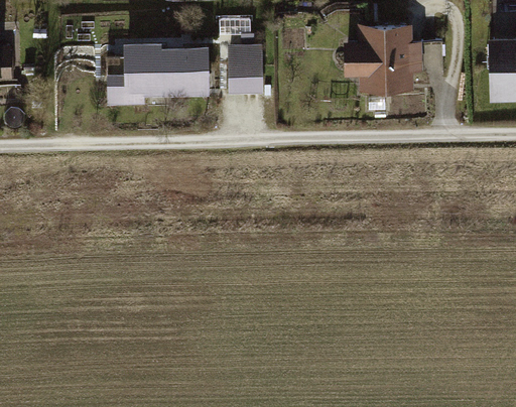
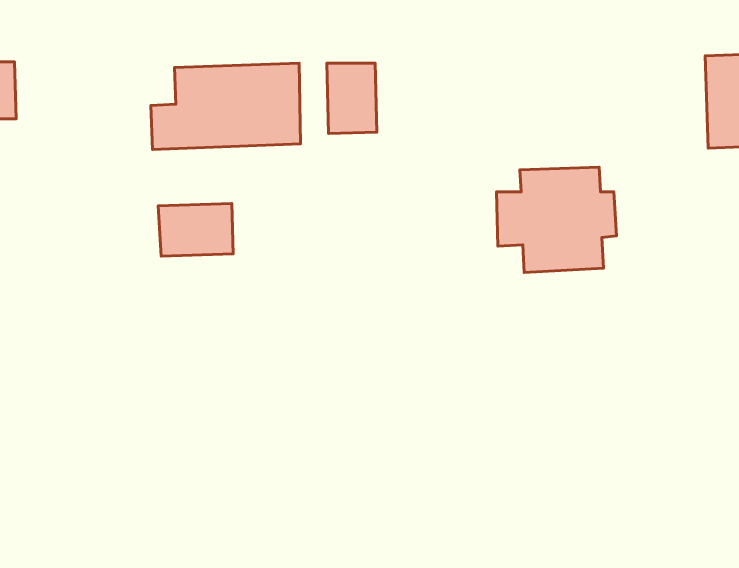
building: [341,23,423,96] -> [496,167,617,273]
building: none -> [158,203,233,256]

